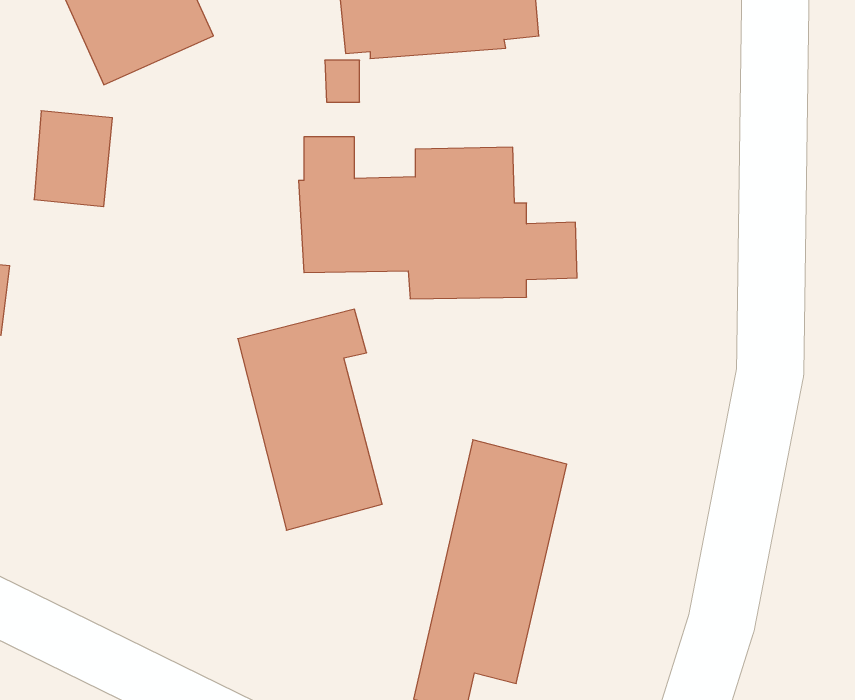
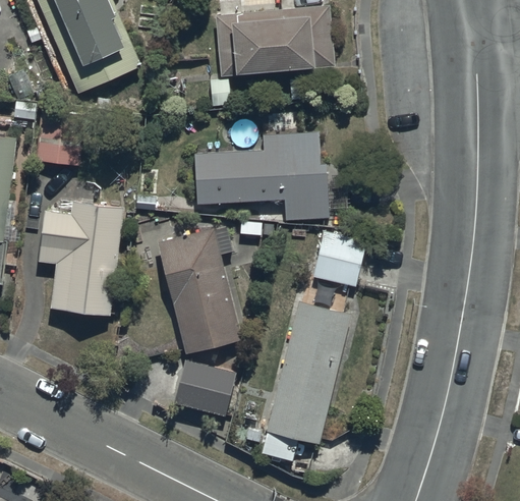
building: none -> [41,202,123,315]
building: none -> [312,231,365,285]
building: none -> [173,358,236,418]

